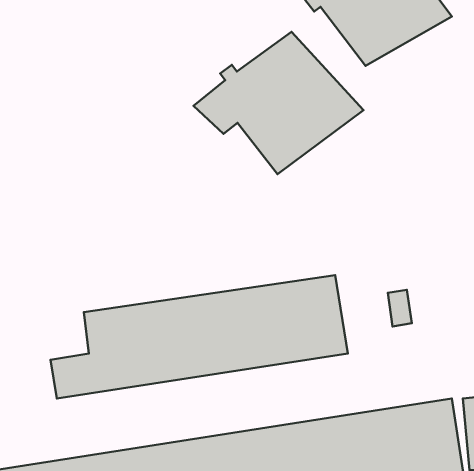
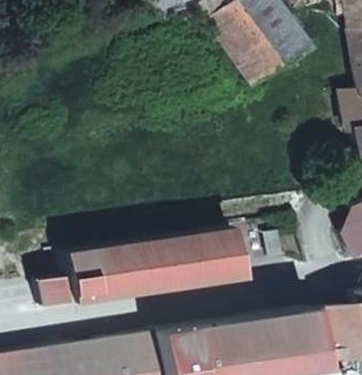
building: [193,32,363,174] -> none

